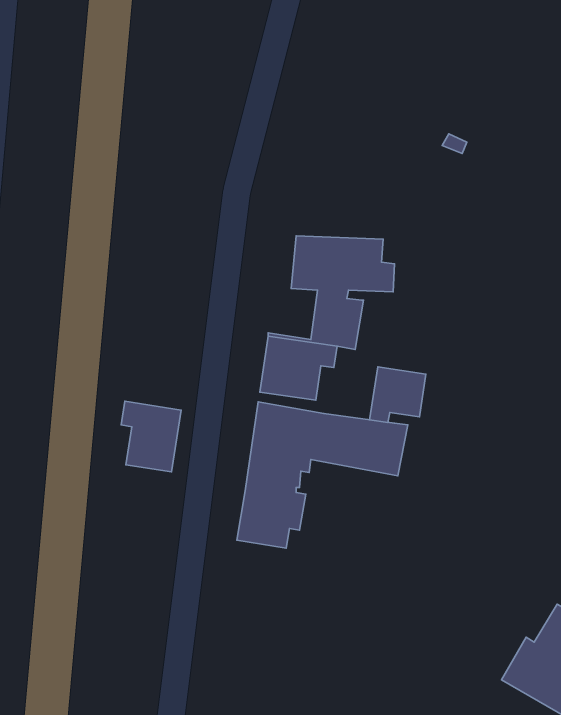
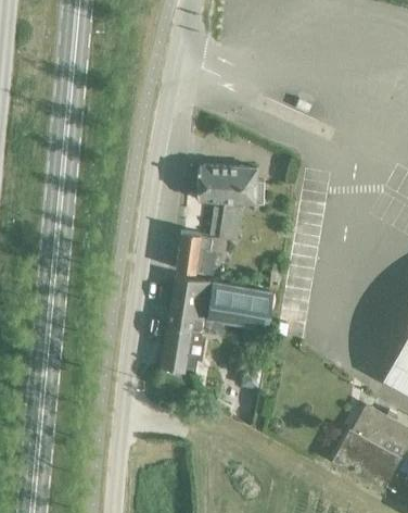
building: [369,367,426,422] -> none
building: [121,401,181,472] -> none

